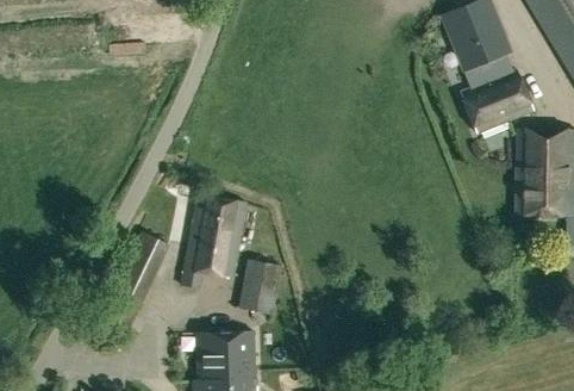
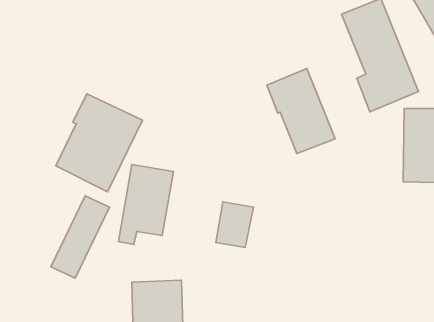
building: none -> [267,69,335,154]
building: none -> [56,94,142,192]
building: [239,260,283,314] -> [216,202,253,248]

